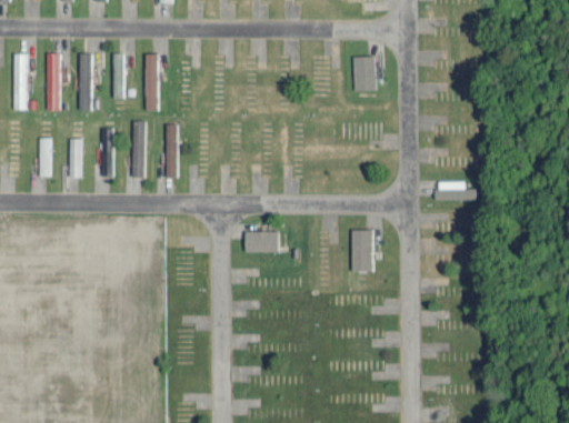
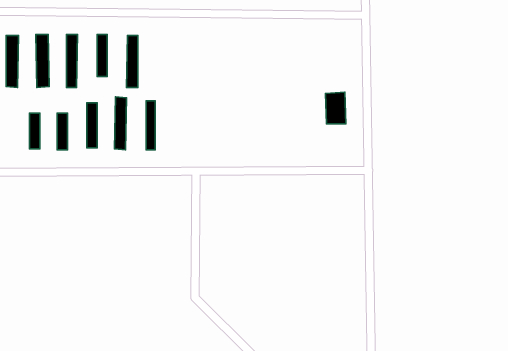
building: [353,56,376,90] -> [326,92,346,124]
building: [437,181,477,200] -> none
building: [351,229,373,272] -> none
building: [246,231,278,251] -> none

